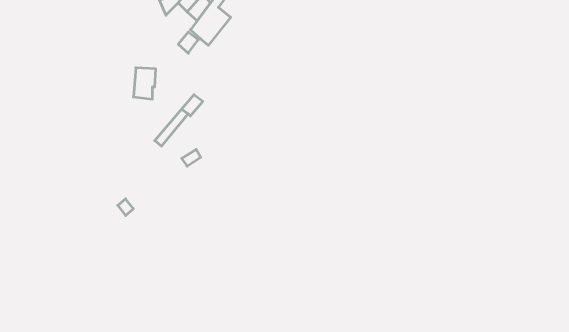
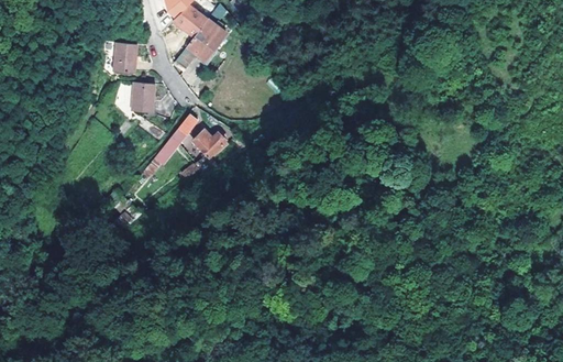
building: none -> [114,43,135,74]
building: none -> [192,130,225,156]

